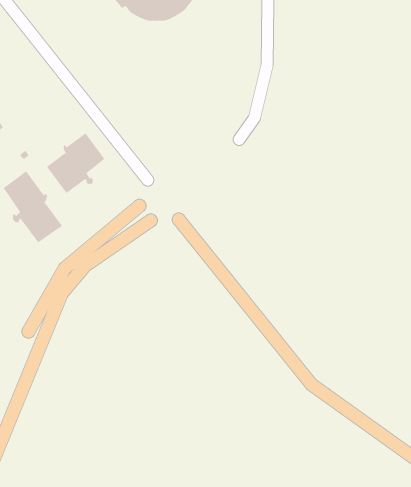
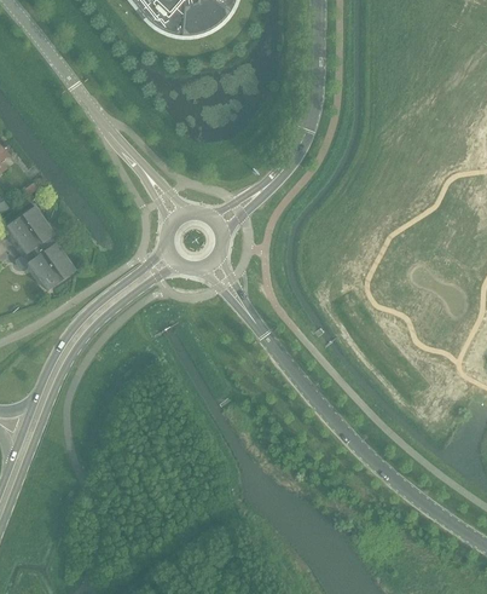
building: [46,132,105,194] -> none

